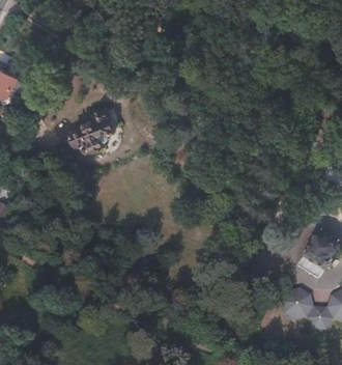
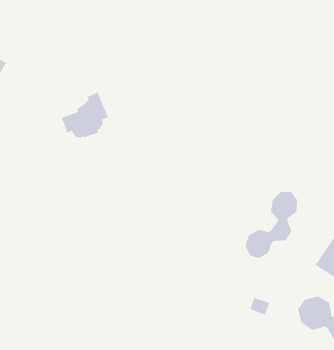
building: none -> [245,191,298,259]

